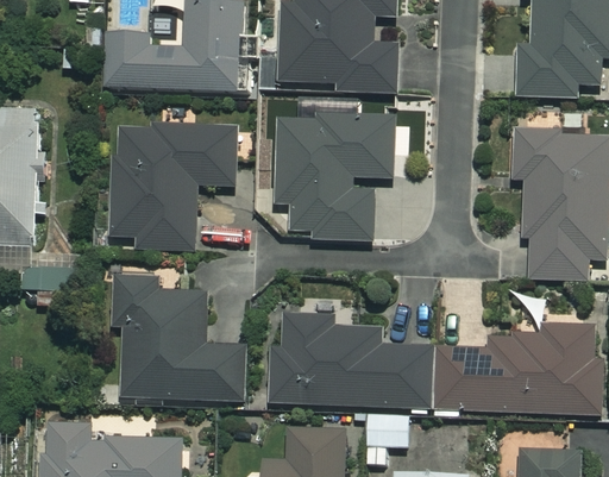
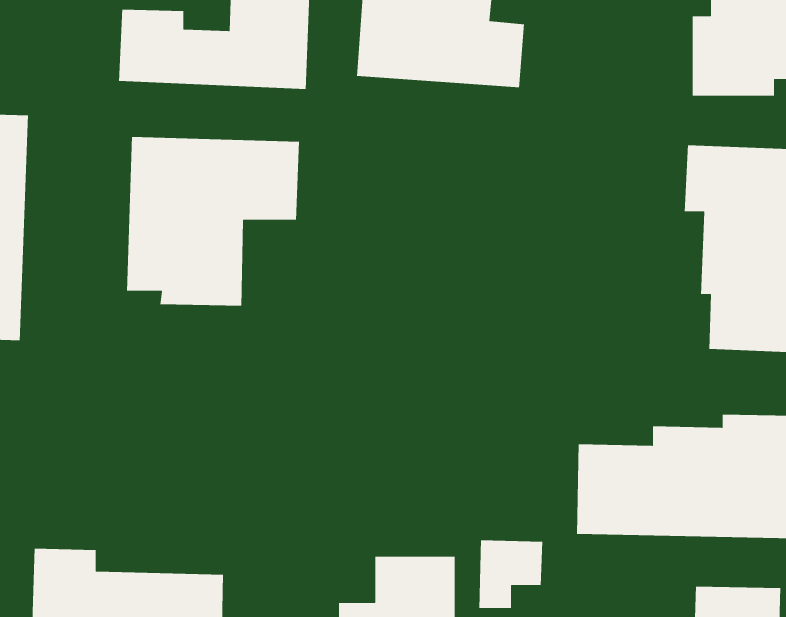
building: [275,112,394,240] -> none
building: [114,277,245,398] -> none
building: [270,314,435,410] -> none

